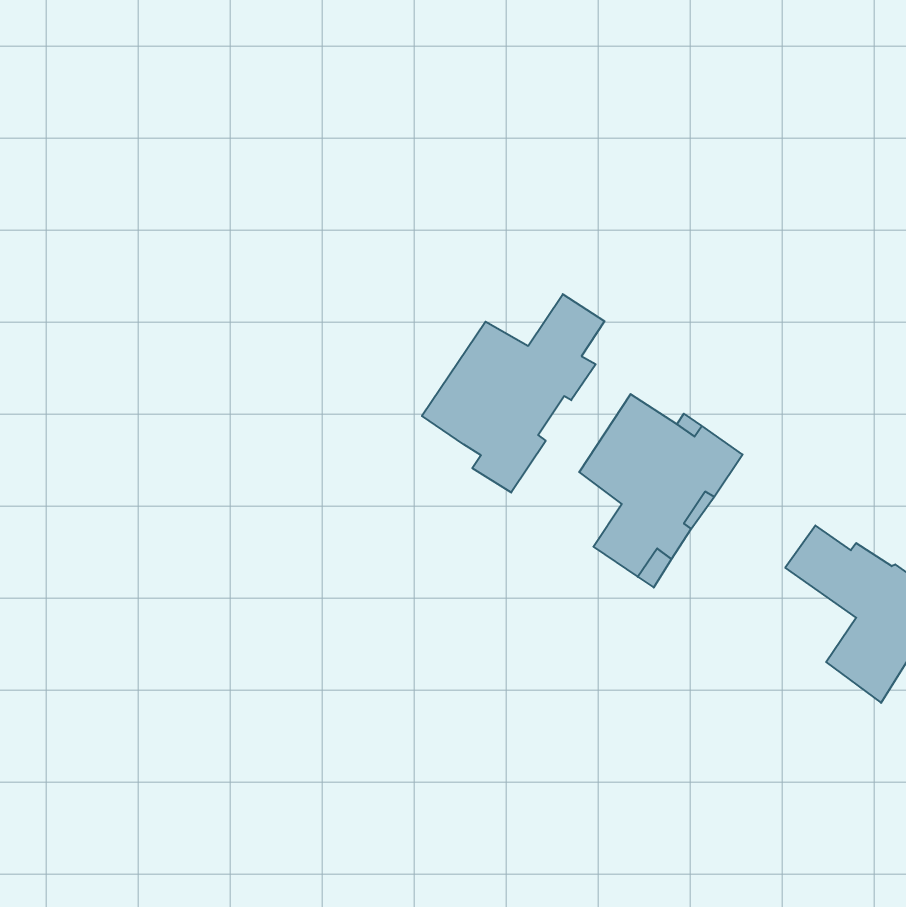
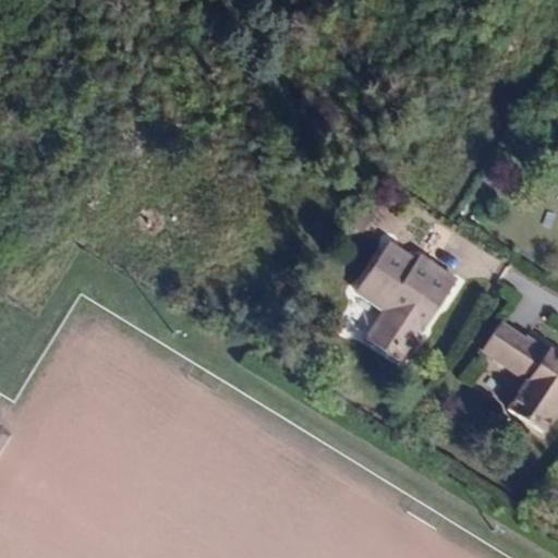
building: [422,294,604,493] -> none

